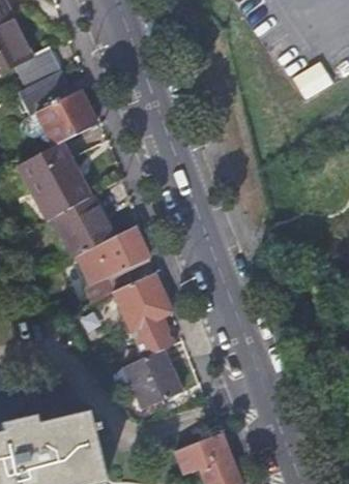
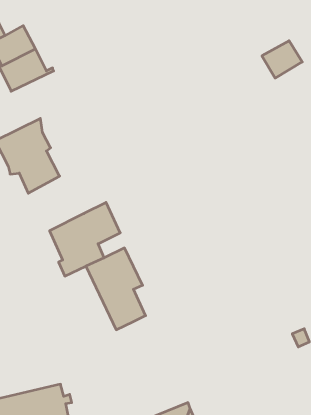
building: [37,92,96,145] -> none
building: [53,198,112,256] -> none
building: [124,349,182,409] -> none

